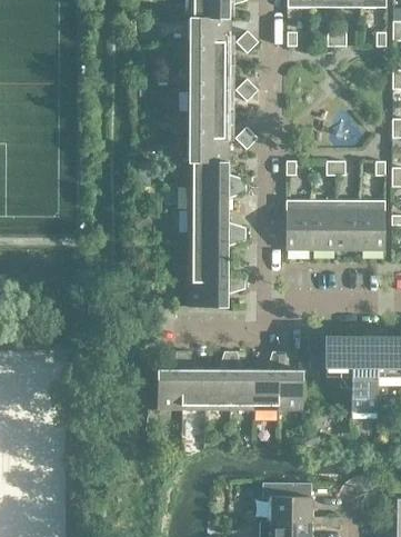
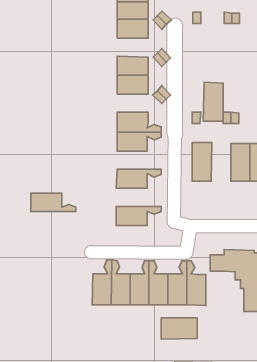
building: [189,64,229,89] -> none
building: [189,137,229,160] -> none
building: [310,199,335,249] -> [203,82,223,121]
building: [189,210,245,233] -> none
building: [188,258,245,281] -> [31,193,76,211]
building: none -> [161,318,197,339]

